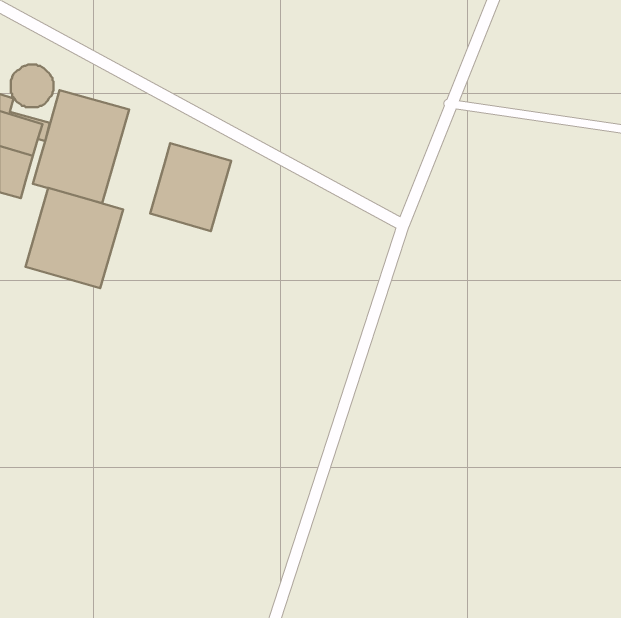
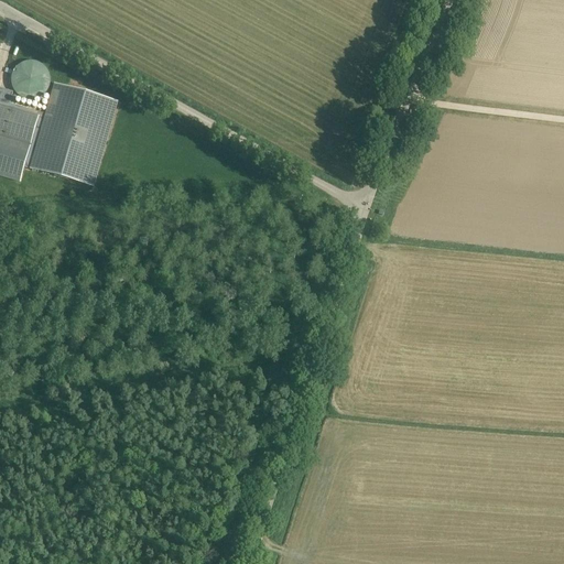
building: [150,143,231,231] -> none
building: [25,188,123,288] -> none

